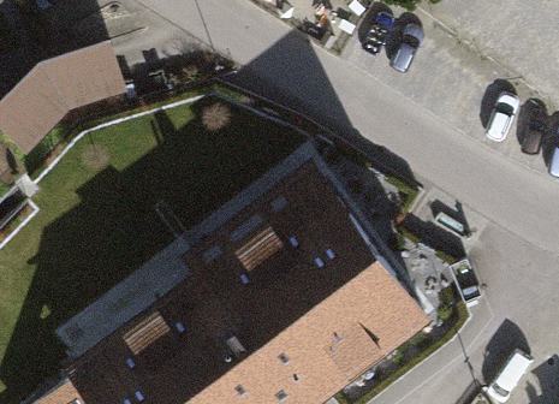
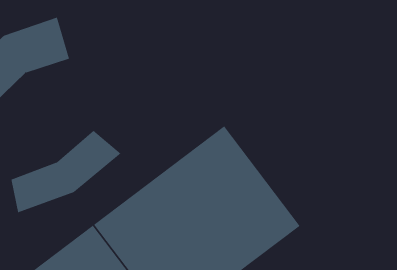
building: none -> [11,130,121,213]

